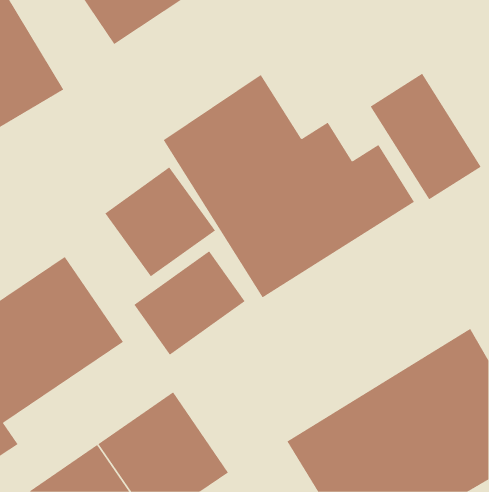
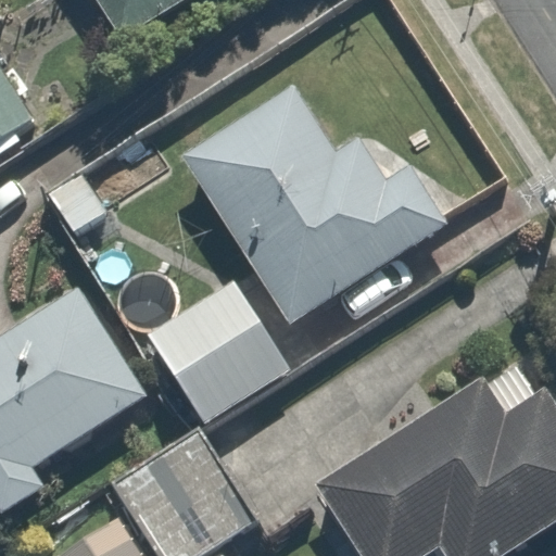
building: [370,73,481,200] -> none
building: [104,166,216,277] -> none

